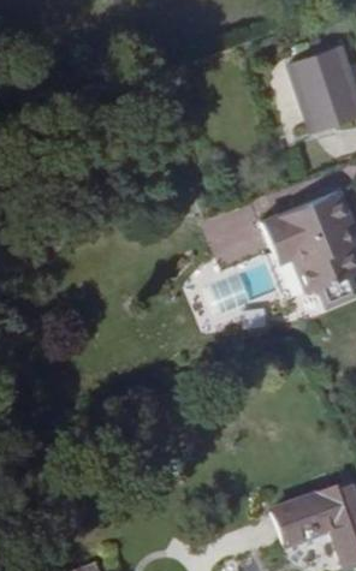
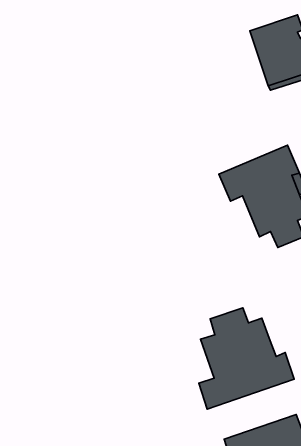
building: none -> [199,308,294,409]

